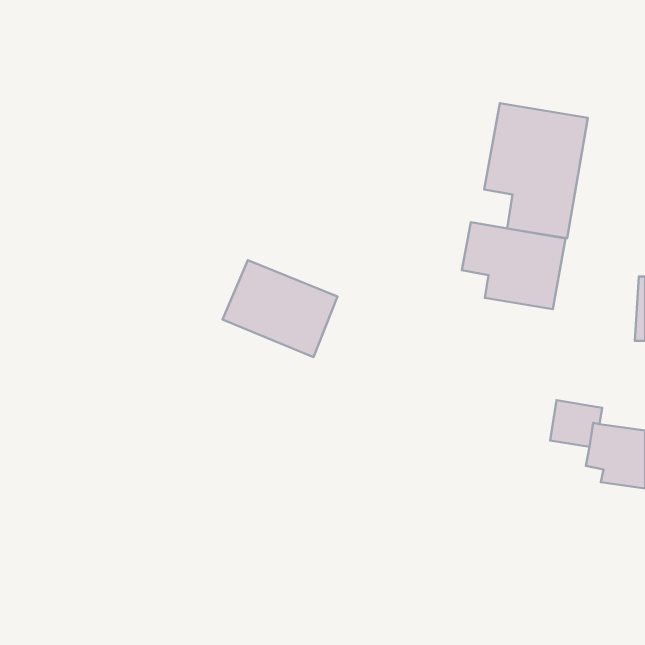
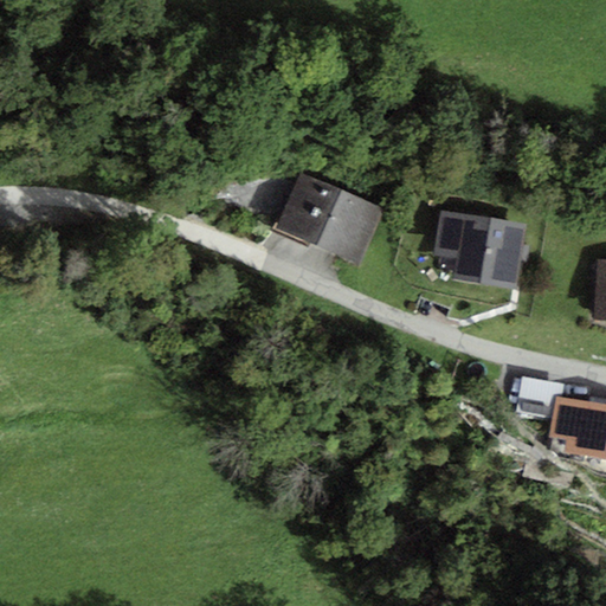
building: [484,103,588,238] -> none
building: [223,260,337,357] -> [276,175,383,266]

